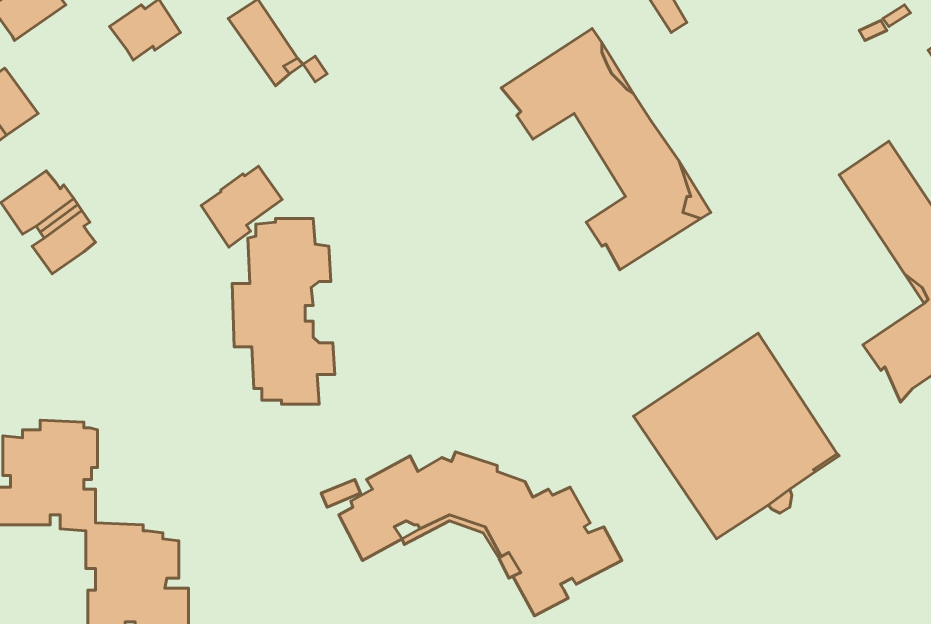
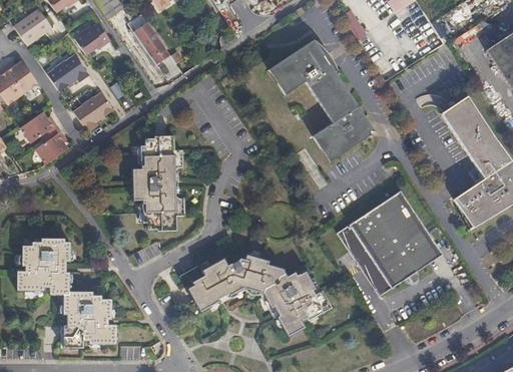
building: none -> [45,53,89,91]
building: [201,166,282,247] -> [72,91,113,132]

